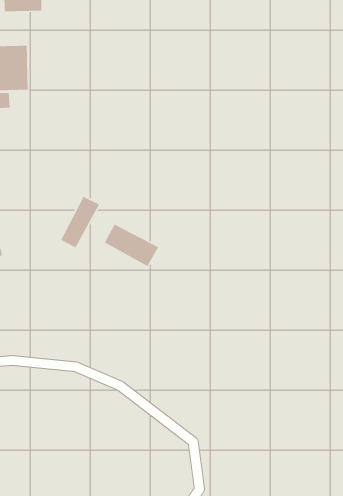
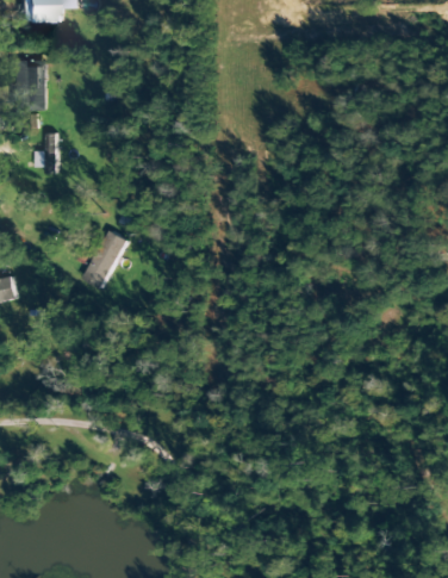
building: none -> [37,132,60,172]
building: [104,223,159,267] -> none

